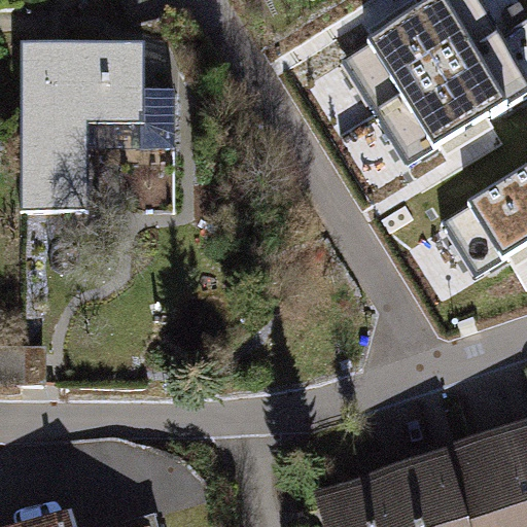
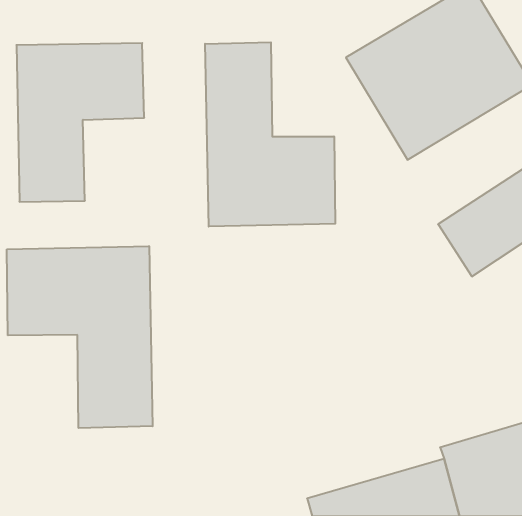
building: none -> [205,42,335,227]
building: none -> [7,246,153,428]

